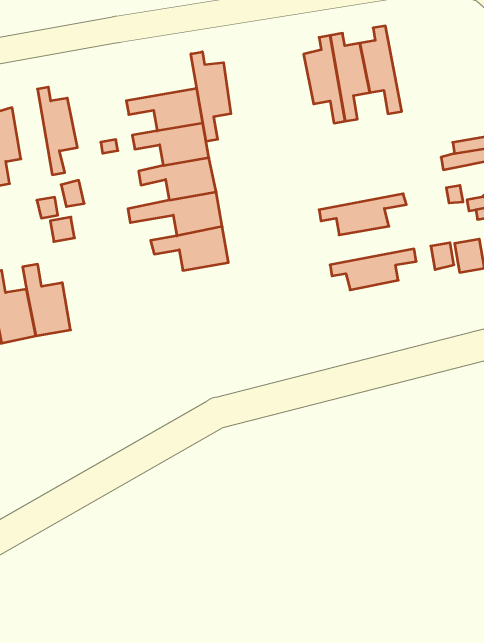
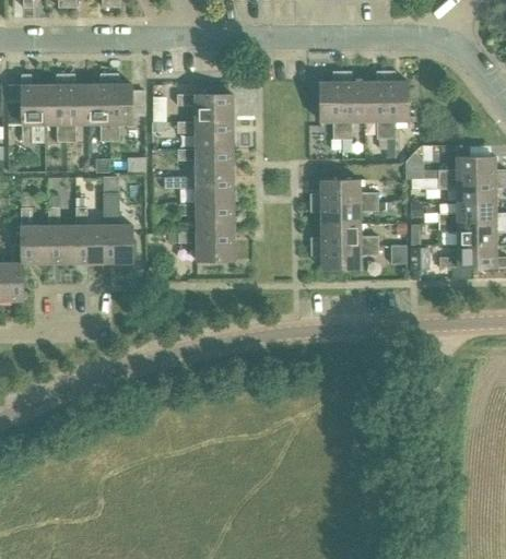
building: none -> [386,71,409,139]
building: [191,52,231,141] -> none
building: none -> [89,73,110,141]
building: none -> [310,179,377,203]
building: none -> [311,225,378,247]
building: none -> [104,206,133,262]
building: none -> [178,231,234,260]

